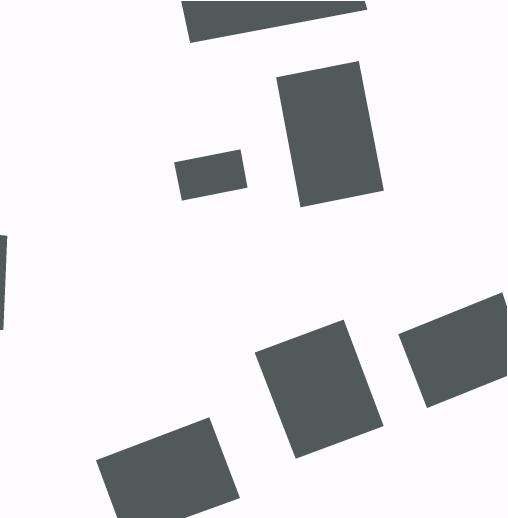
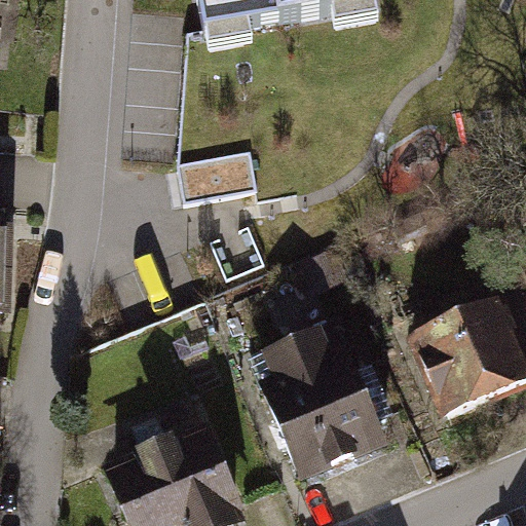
building: [275,60,385,208] -> none

